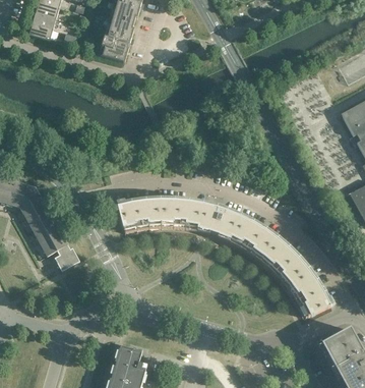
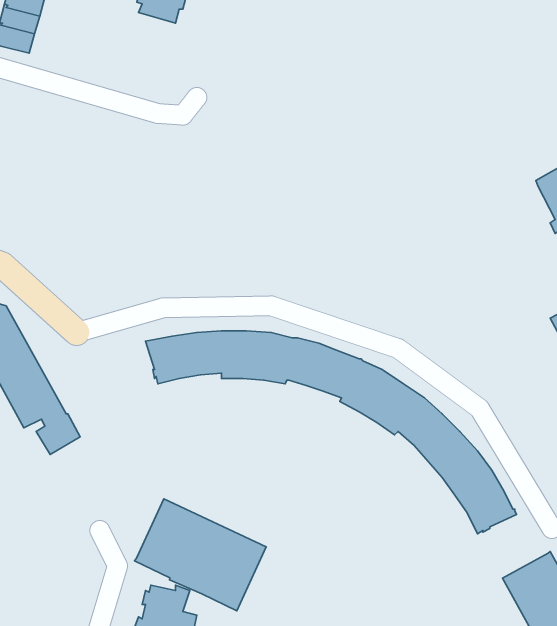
building: [99,16,134,61] -> none
building: none -> [135,499,266,611]

